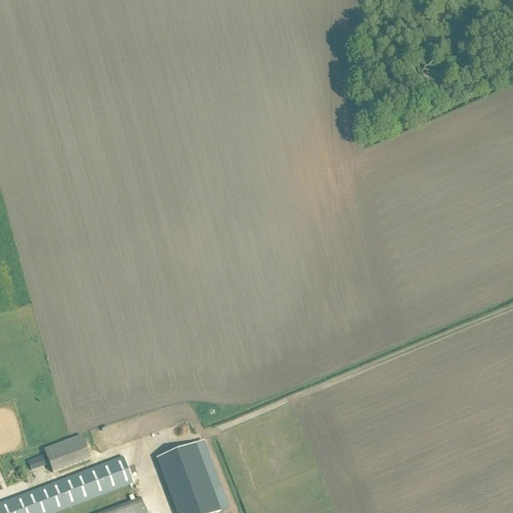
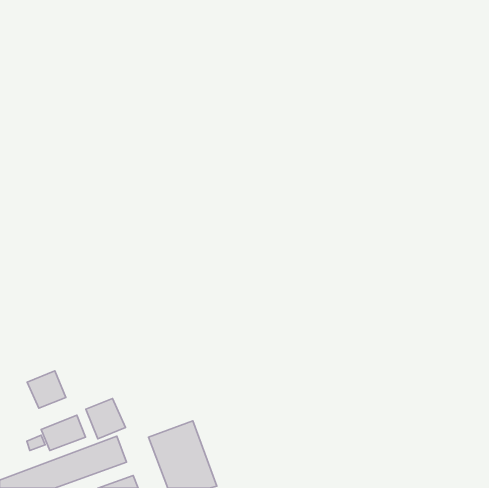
building: none -> [27,371,66,408]
building: none -> [86,399,125,439]

